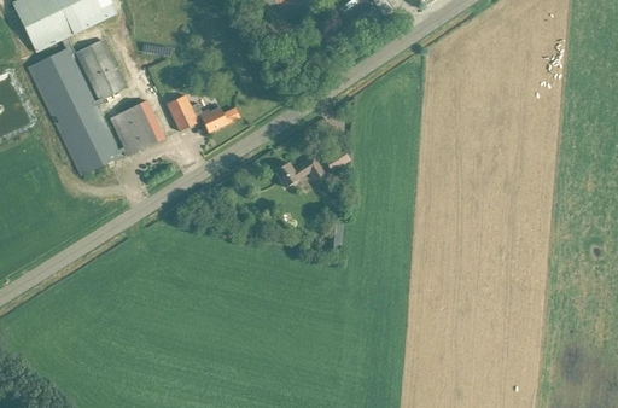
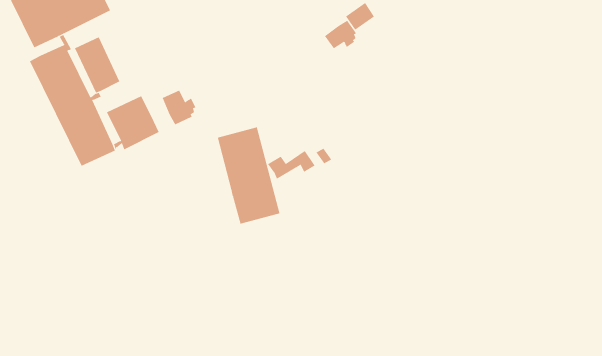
building: none -> [324,20,357,49]
building: [198,107,239,132] -> none
building: none -> [217,126,280,225]

